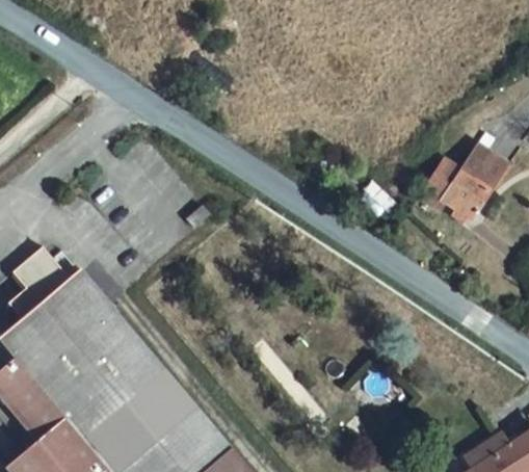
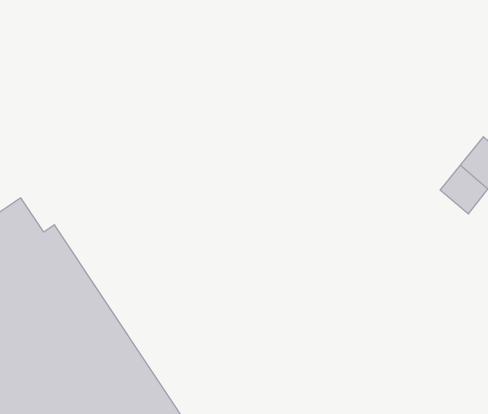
building: [422,158,464,206] -> none

